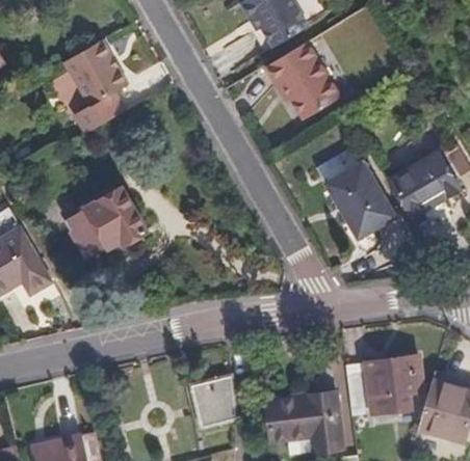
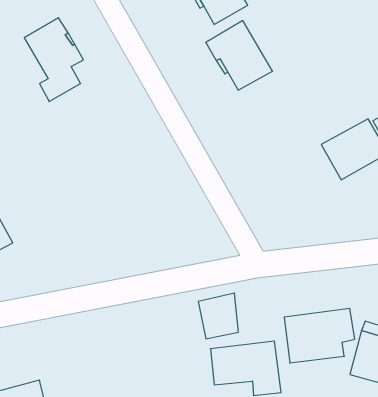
building: [323,160,394,238] -> none
building: [67,188,148,259] -> none
building: [193,377,237,427] -> [198,293,238,339]

